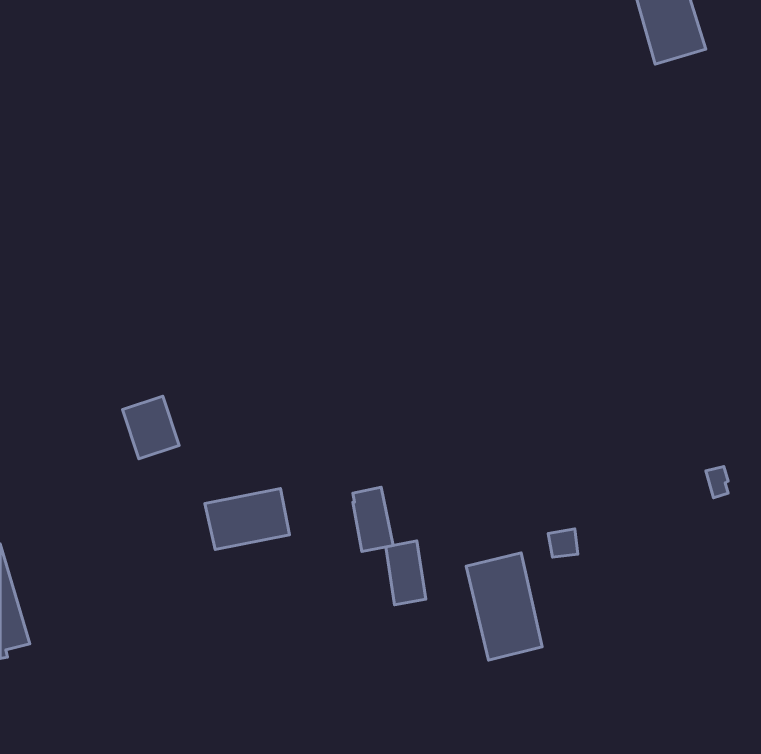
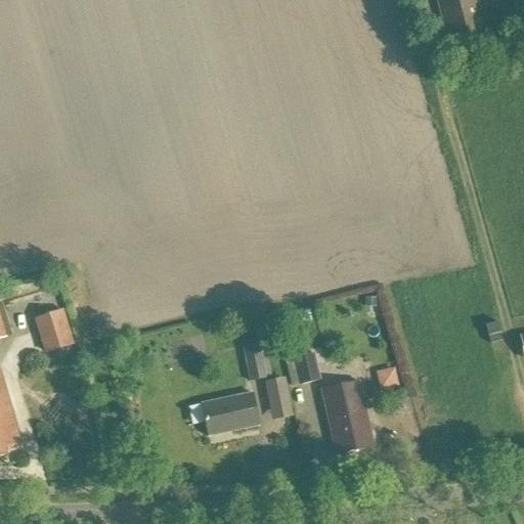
building: [122,396,179,459] -> [35,307,74,350]
building: [205,489,290,550] -> [201,392,259,434]
building: none -> [294,351,320,382]

